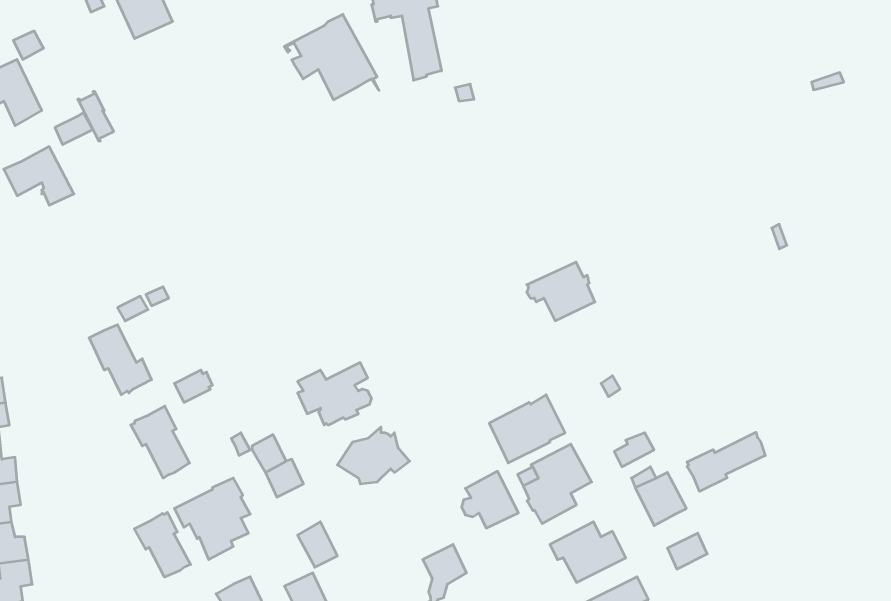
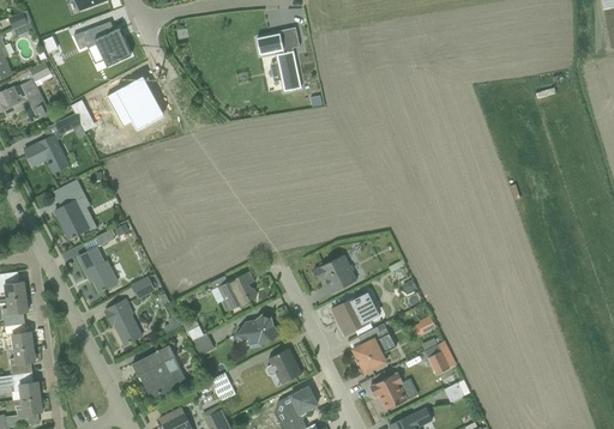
building: [284,14,379,100] -> [106,75,165,129]
building: none -> [54,179,89,237]
building: [527,262,595,321] -> [313,255,356,292]
building: [687,432,765,491] -> none
building: [462,471,518,528] -> [265,348,301,383]
building: [134,512,191,577] -> none

